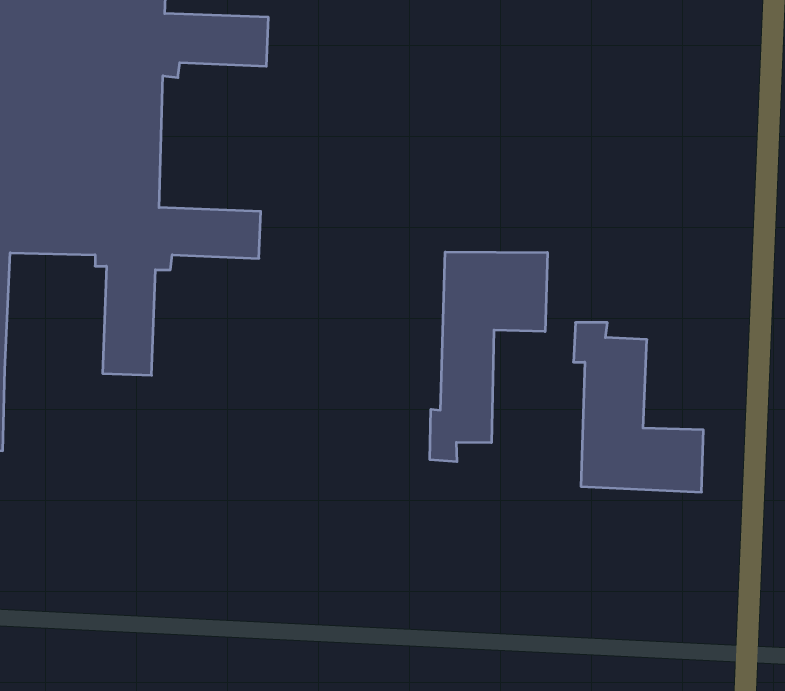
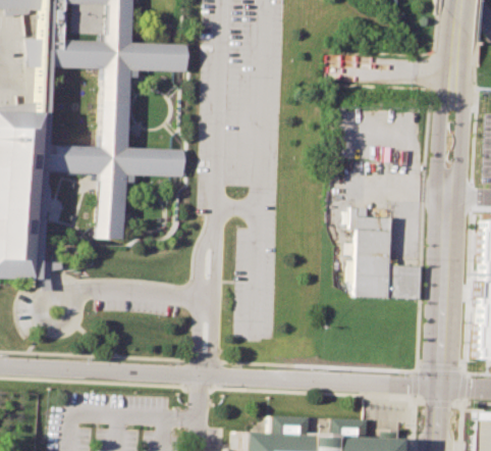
building: [430,252,547,462] -> none

